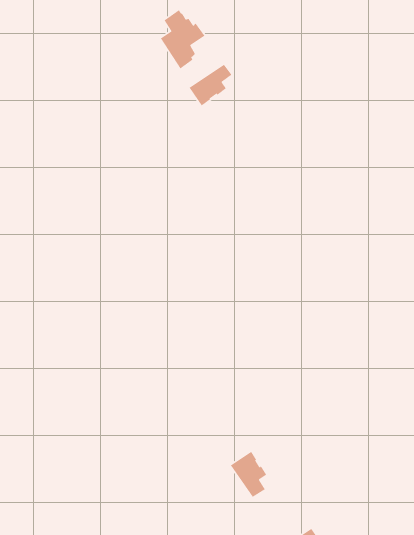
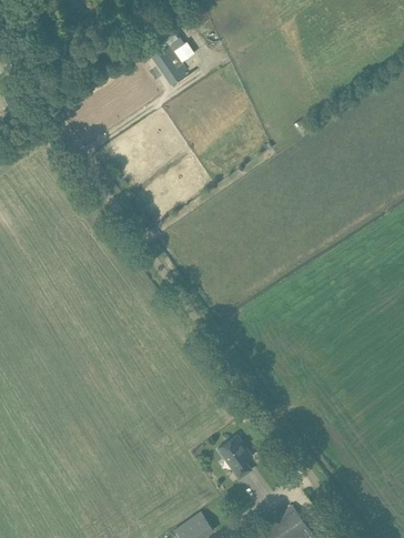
building: [188,64,233,107] -> none

